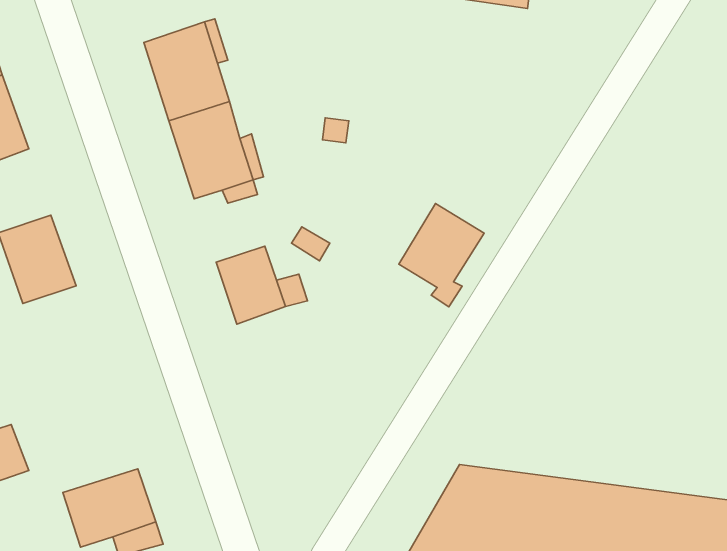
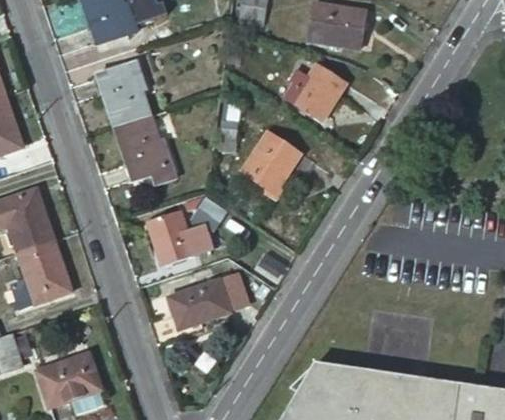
building: none -> [282,65,344,121]
building: [399,204,484,307] -> [239,133,297,203]
building: none -> [10,239,72,310]
building: none -> [168,273,248,329]

